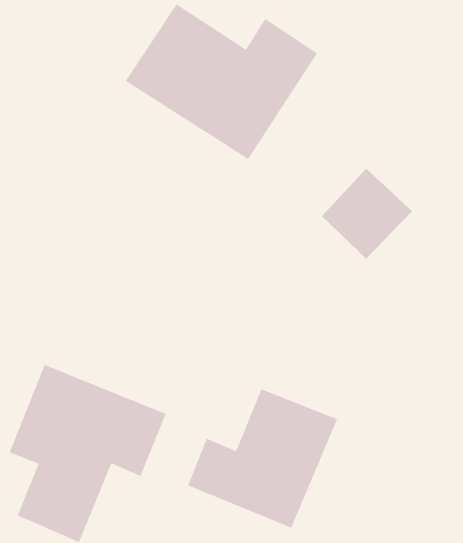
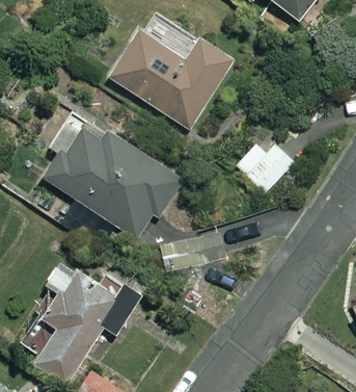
building: none -> [43,125,181,239]
building: [187,389,338,528] -> none

